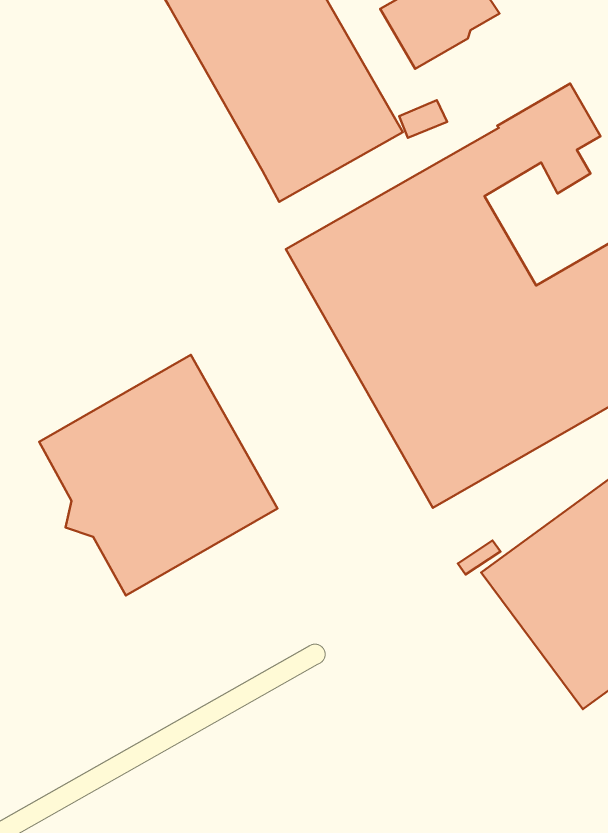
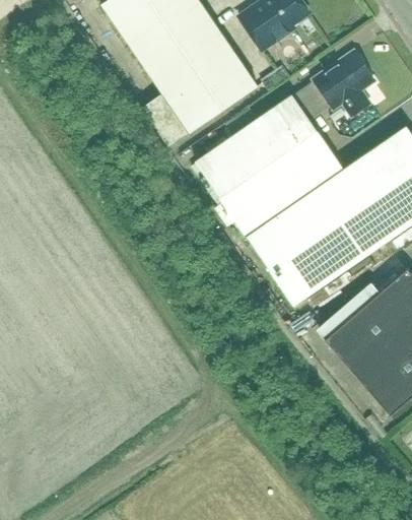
building: [39,355,277,596] -> none

